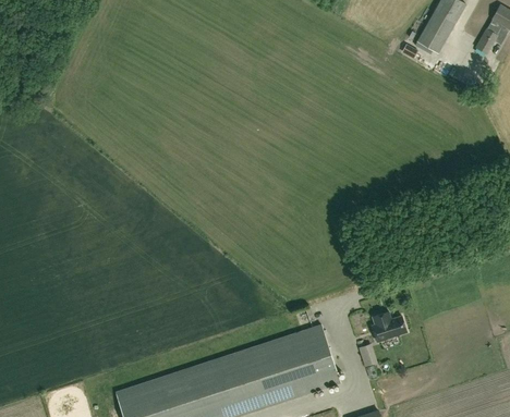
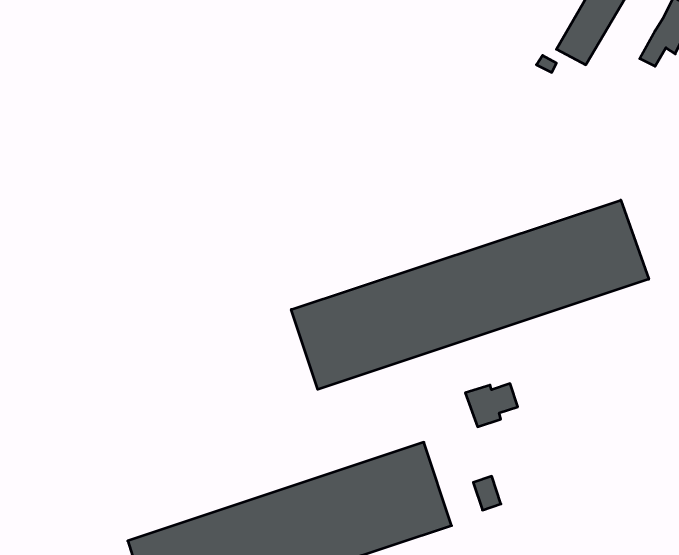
building: none -> [291,200,649,389]
building: [368,315,405,345] -> [465,384,518,427]

